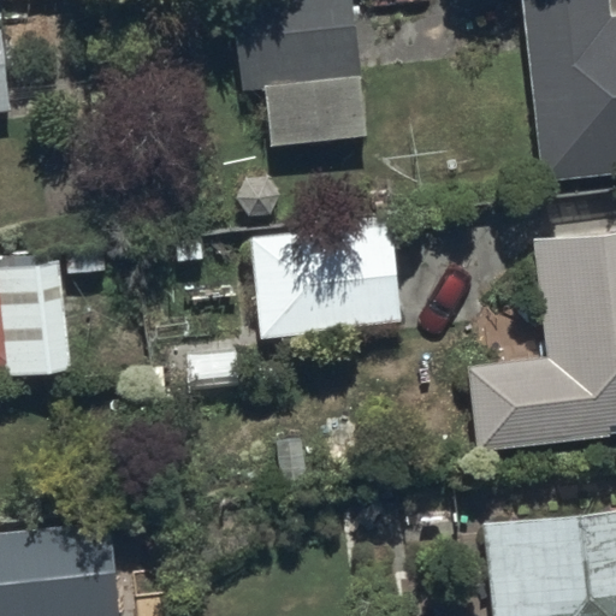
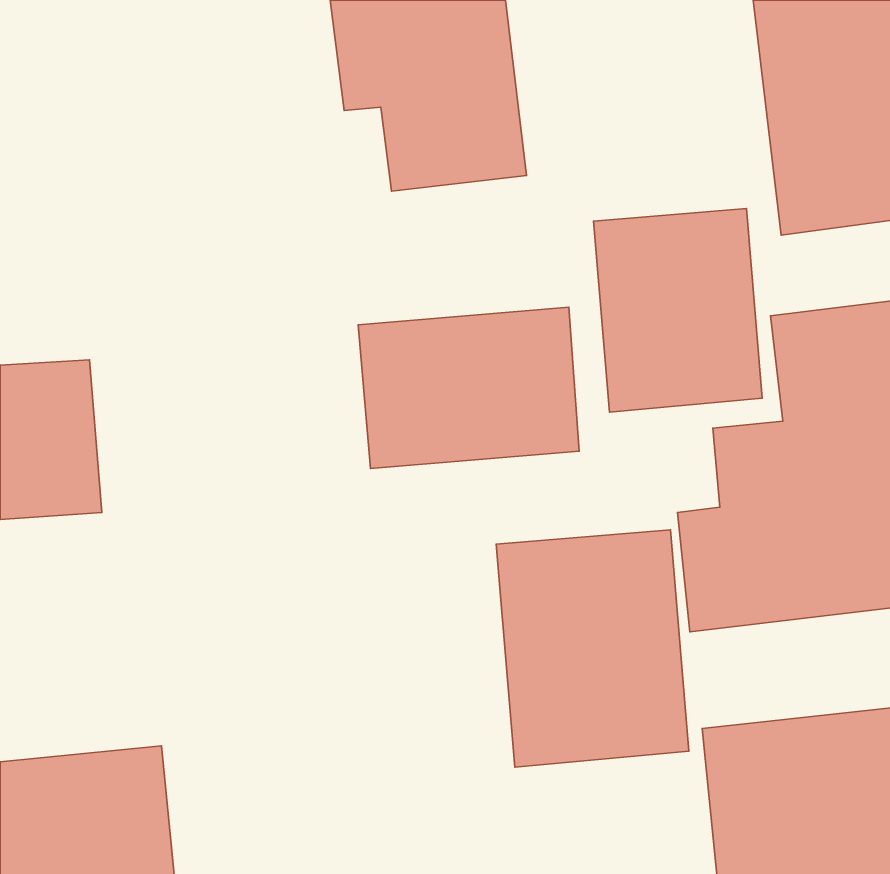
building: none -> [594,209,762,412]
building: none -> [496,530,689,767]

